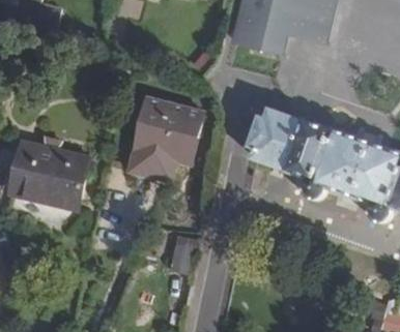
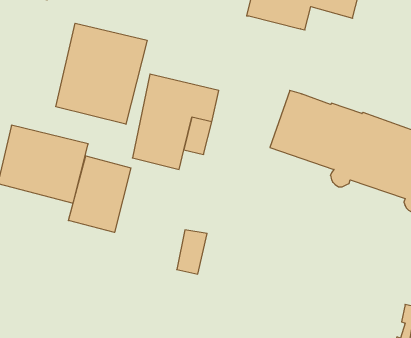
building: none -> [56,23,147,124]
building: none -> [68,156,131,232]

